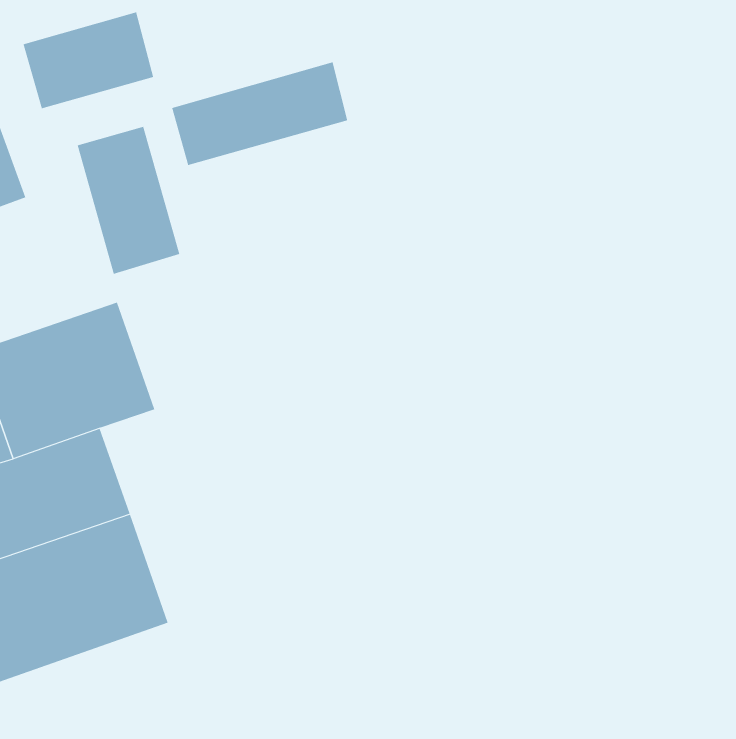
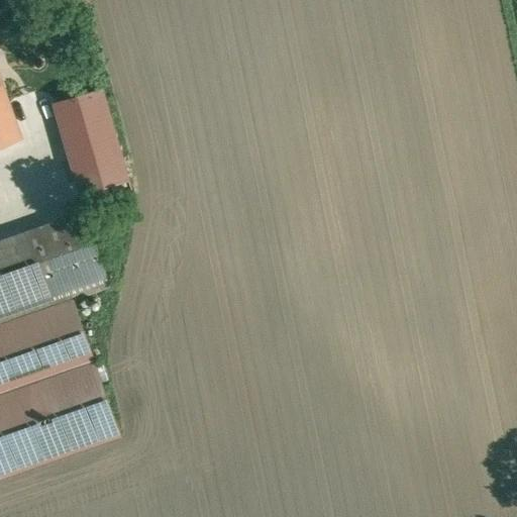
building: [23,12,154,109] -> none
building: [171,62,348,166] -> none

